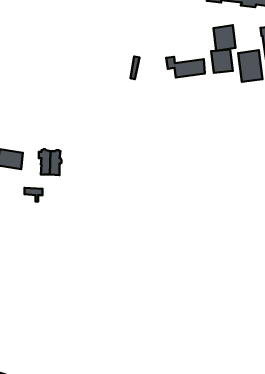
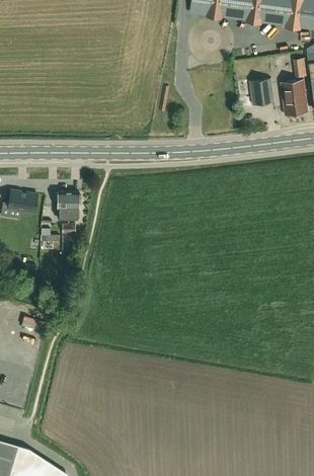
building: [214,25,236,51] -> none
building: [166,57,205,78] -> none

